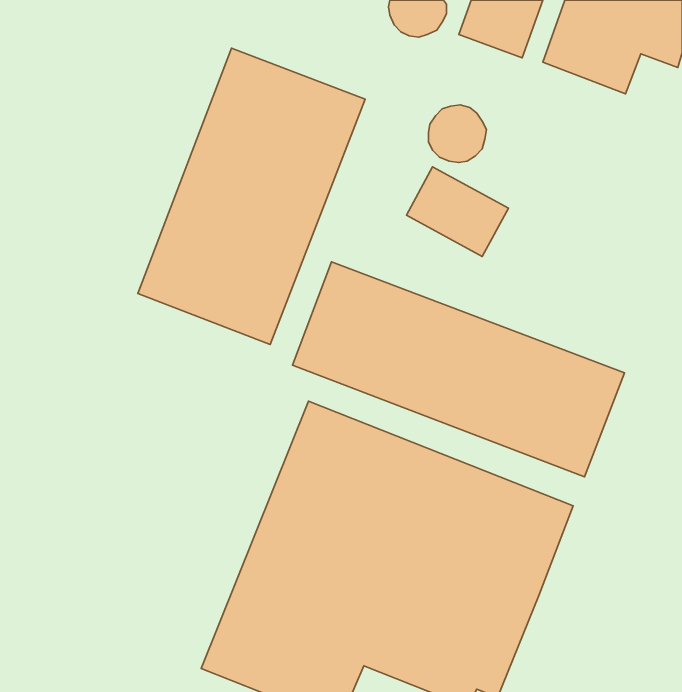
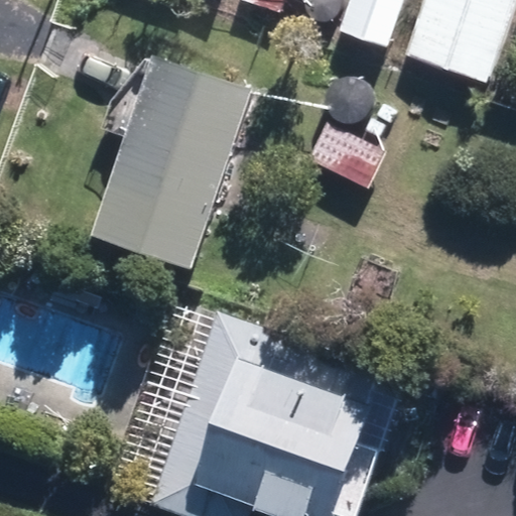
building: [293,262,624,477] -> none

